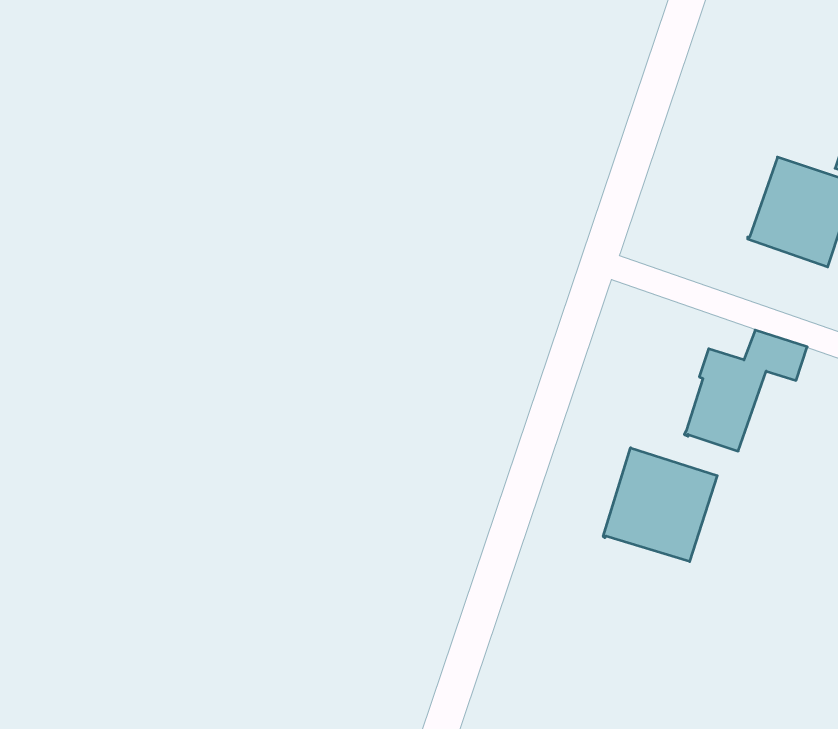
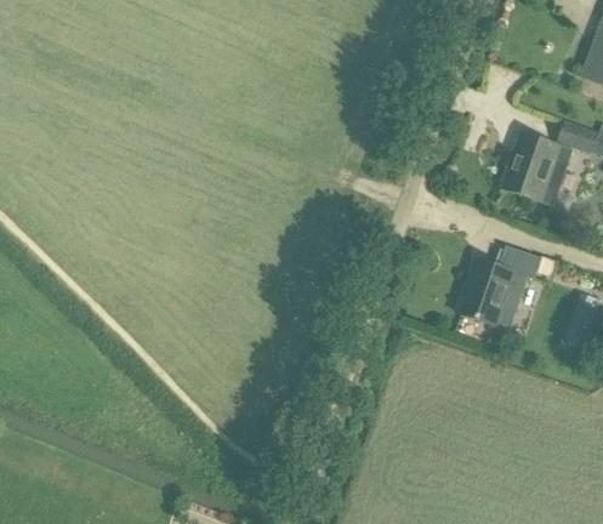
building: [603,448,717,562] -> none

